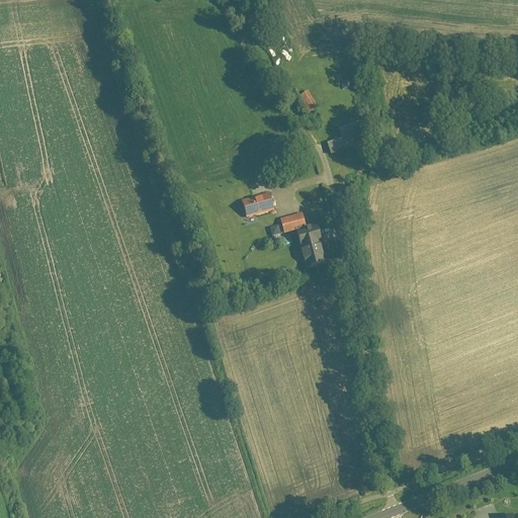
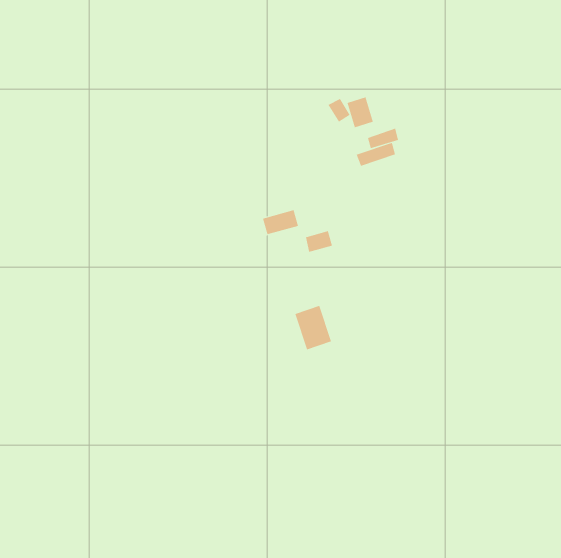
building: none -> [347,97,374,128]
building: [295,226,330,267] -> [294,305,332,350]

